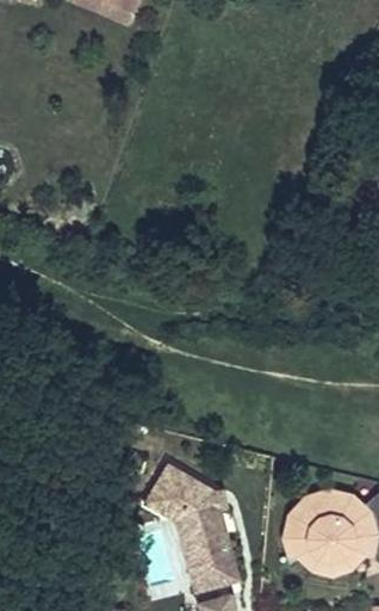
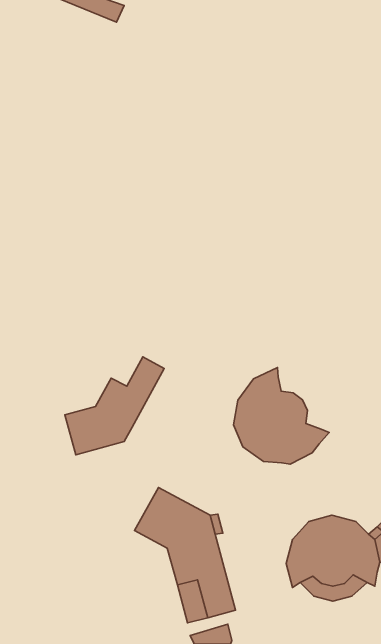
building: none -> [65,357,164,455]
building: none -> [233,368,329,464]

